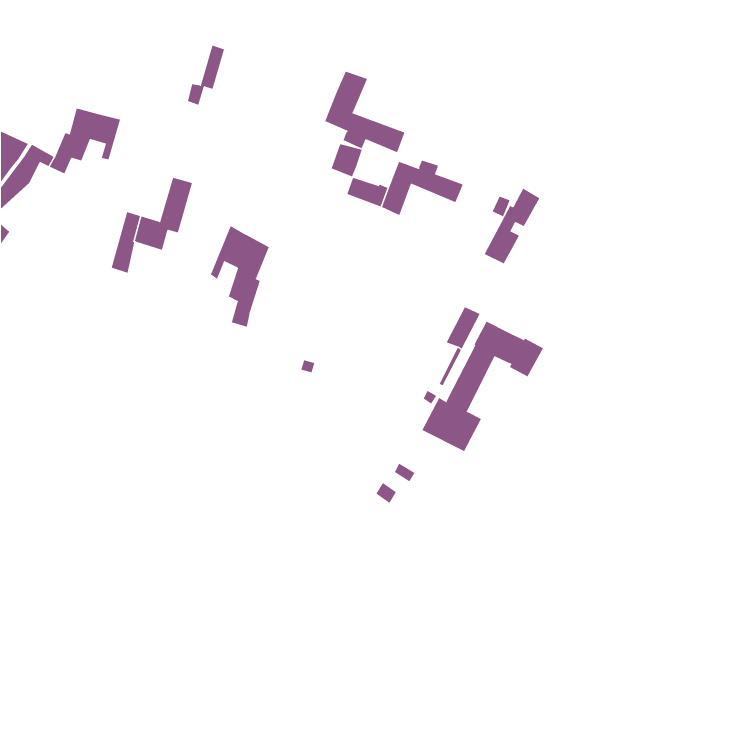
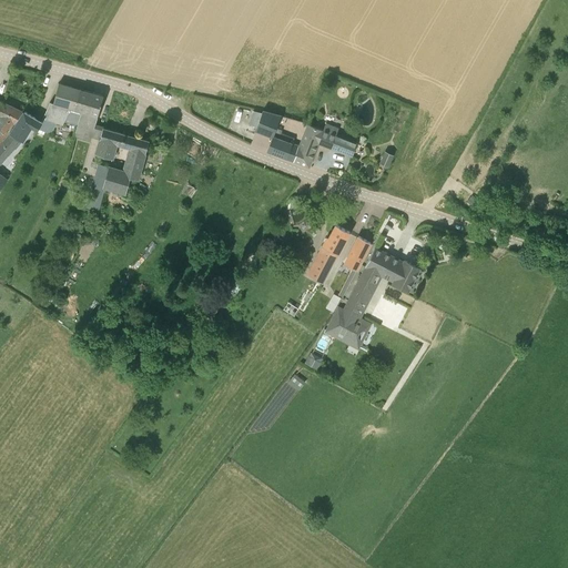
building: [187,45,225,105] -> [74,93,103,140]
building: [324,71,405,153] -> none
building: none -> [95,129,125,159]
building: [484,188,540,264] -> [306,225,349,284]
building: [210,225,270,327] -> none

